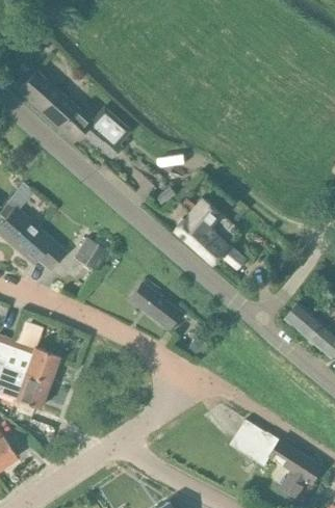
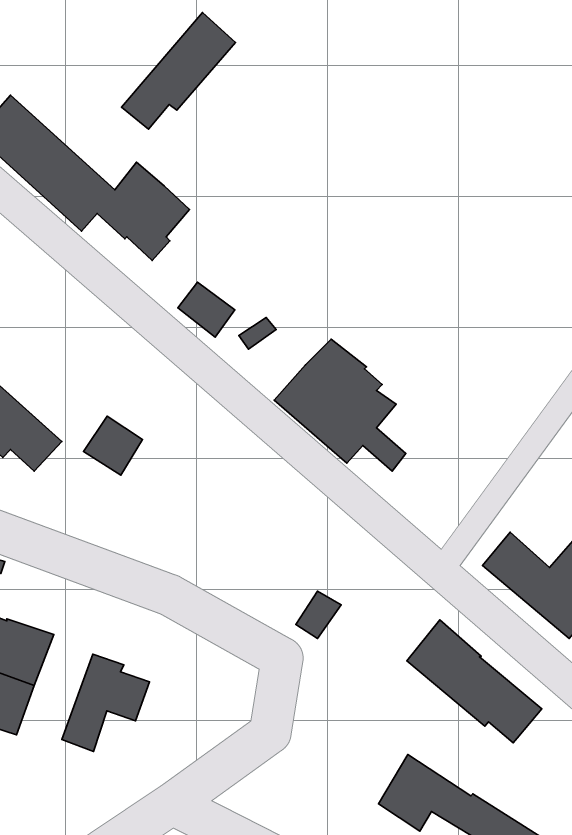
building: none -> [122,13,235,129]
building: [130,283,180,328] -> none
building: none -> [407,620,542,743]
building: none -> [62,654,149,751]

